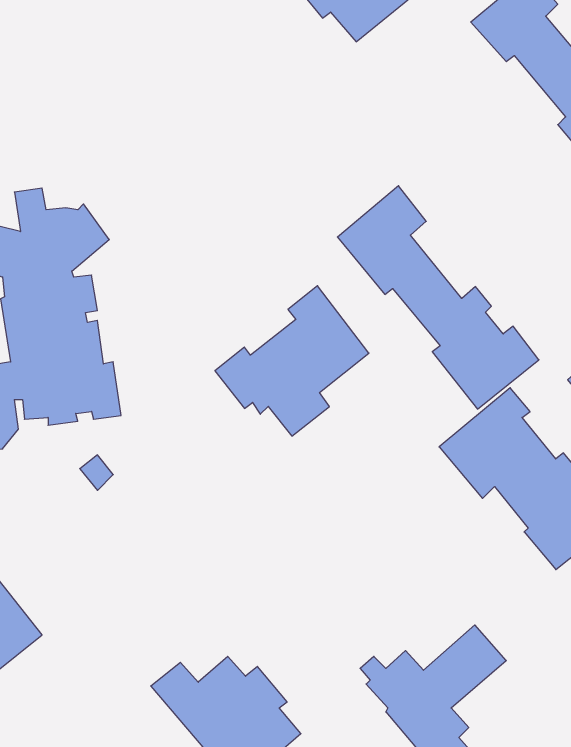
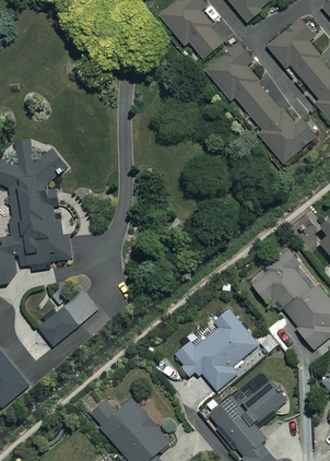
building: [337,186,539,409] -> [203,39,315,163]
building: [215,286,369,436] -> [173,306,258,389]
building: none -> [37,289,97,344]

